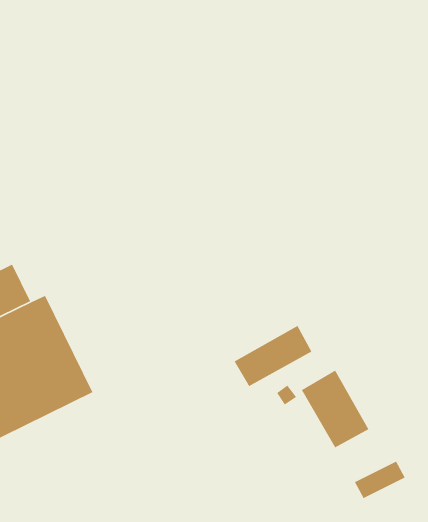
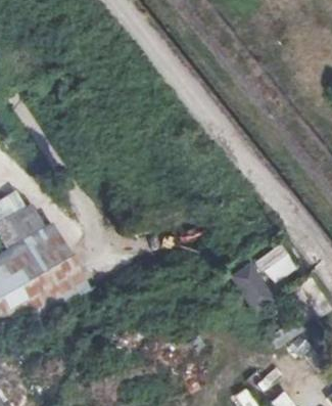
building: [234,325,312,387] -> none

